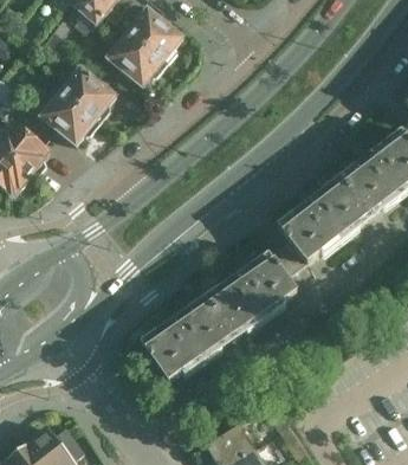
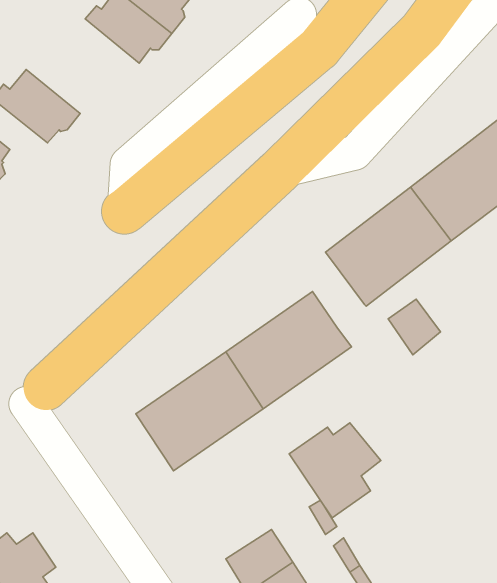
building: [60,64,116,124] -> none
building: [267,239,305,279] -> [388,299,441,355]
building: none -> [289,423,381,518]

